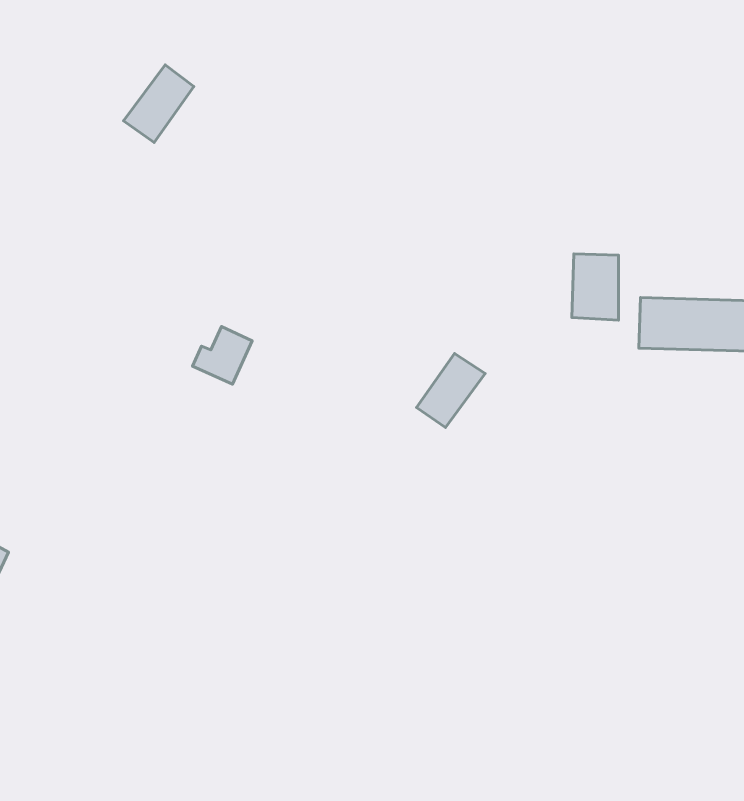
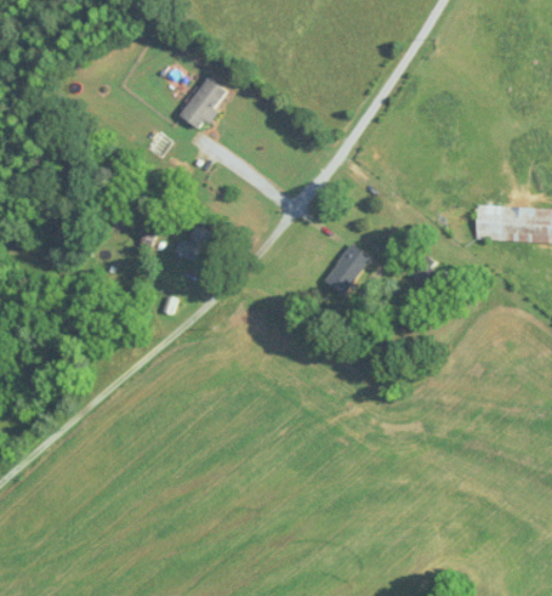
building: [124,65,194,142] -> [178,76,226,129]
building: [572,254,618,320] -> none

